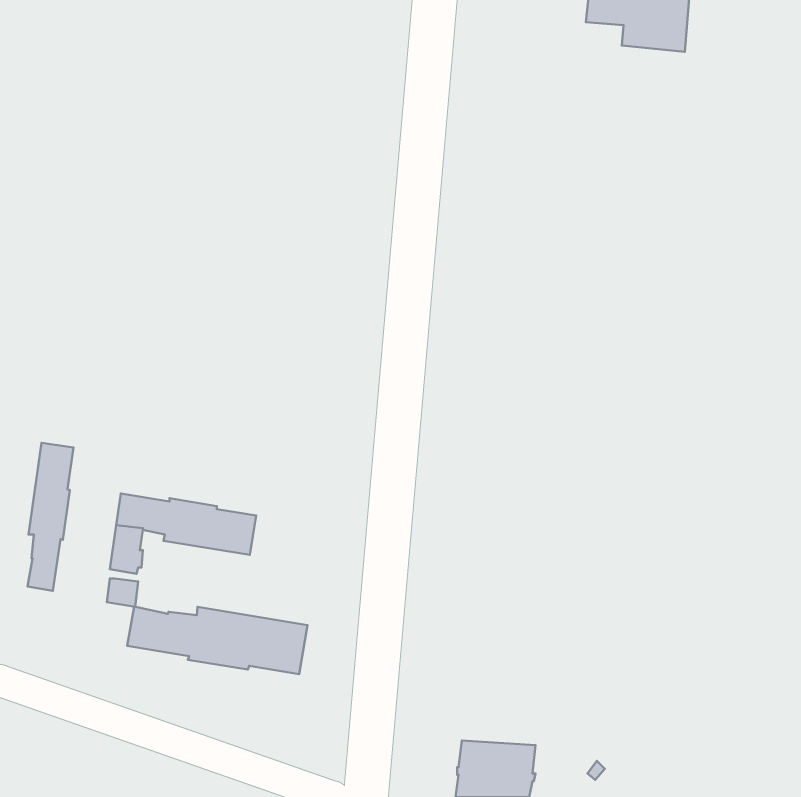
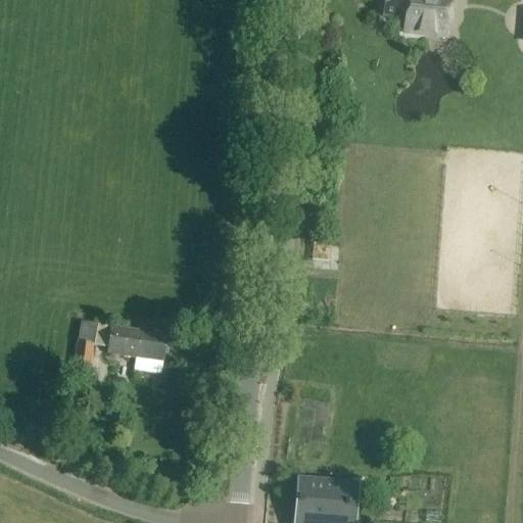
building: [28,443,73,591] -> none
building: [127,607,307,674] -> none

